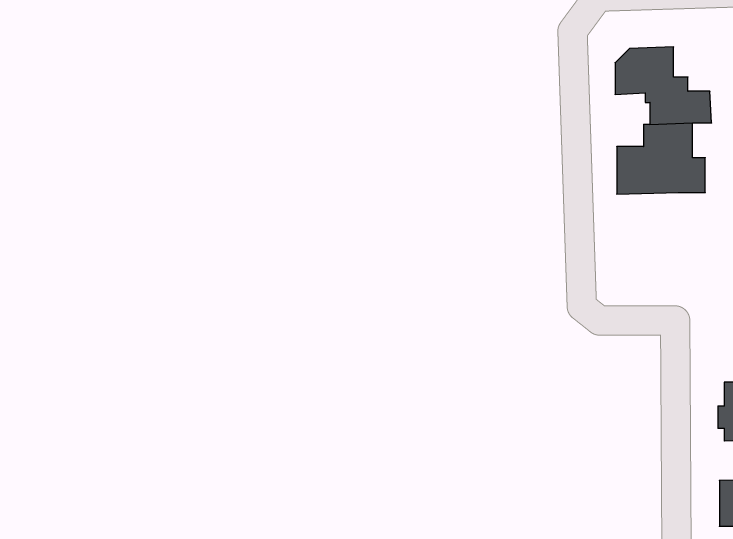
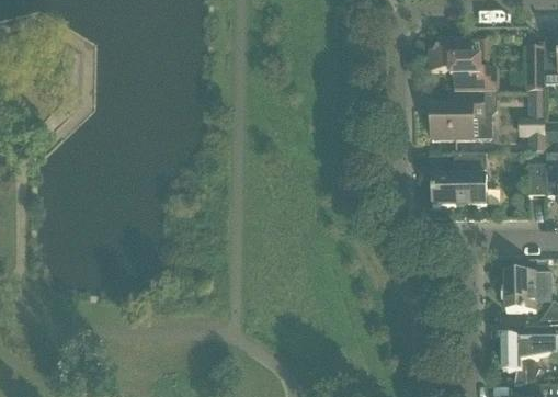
building: none -> [432,150,488,204]

